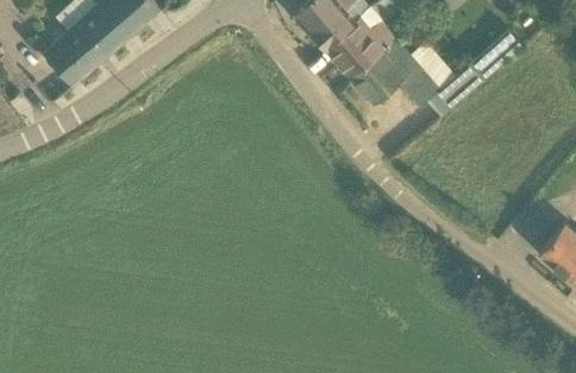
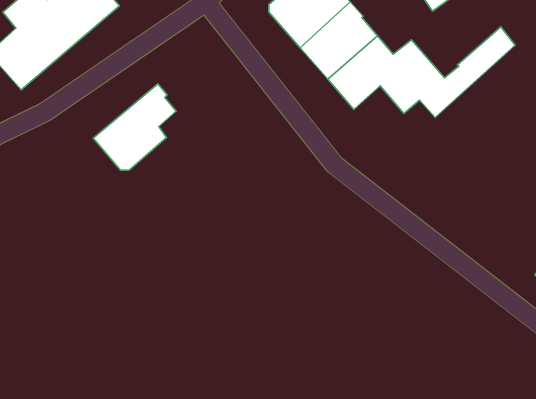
building: none -> [93,84,176,170]

